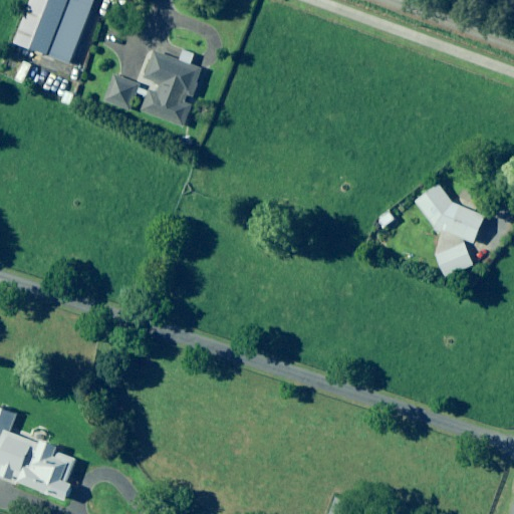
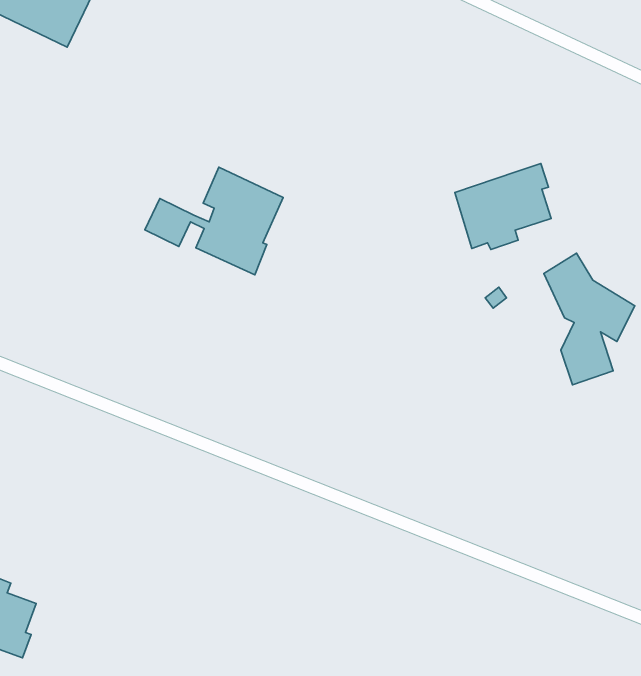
building: [102,52,199,126] -> [145,167,283,275]
building: none -> [455,164,551,250]

